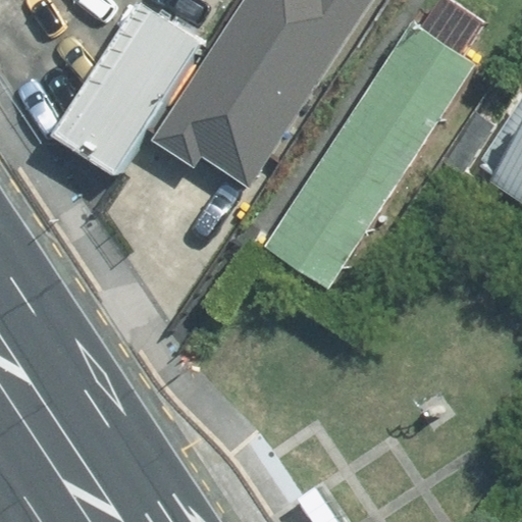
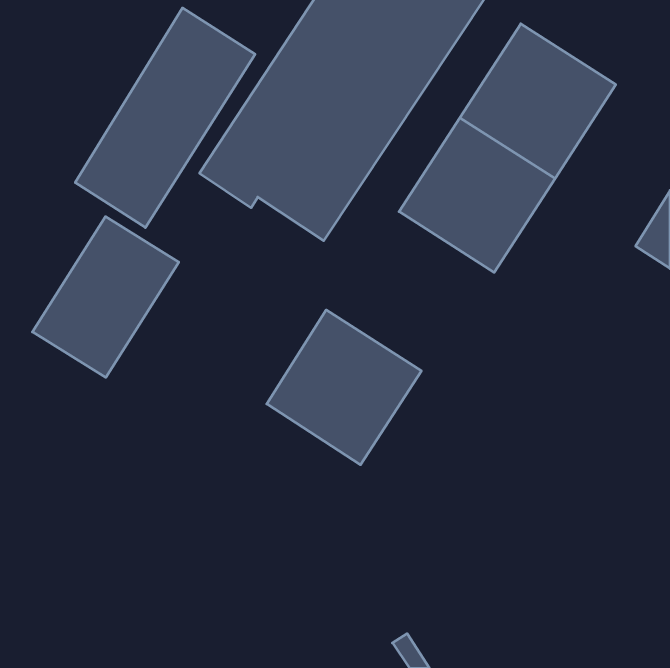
building: [262,163,381,282] -> [267,310,421,465]
building: none -> [32,217,179,377]

